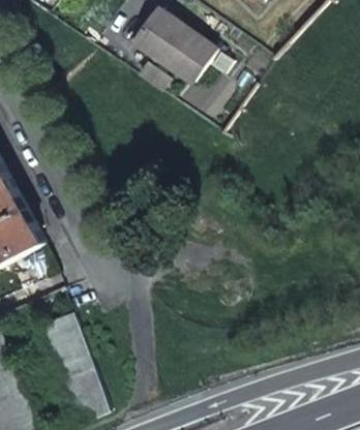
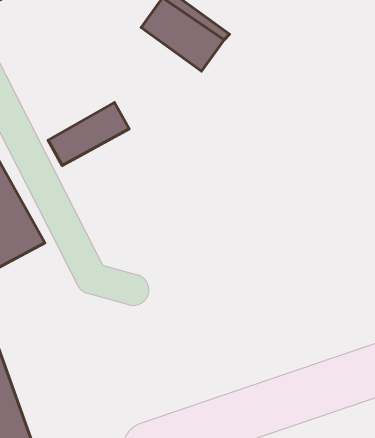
building: none -> [48,103,129,165]
building: [39,312,102,416] -> none

